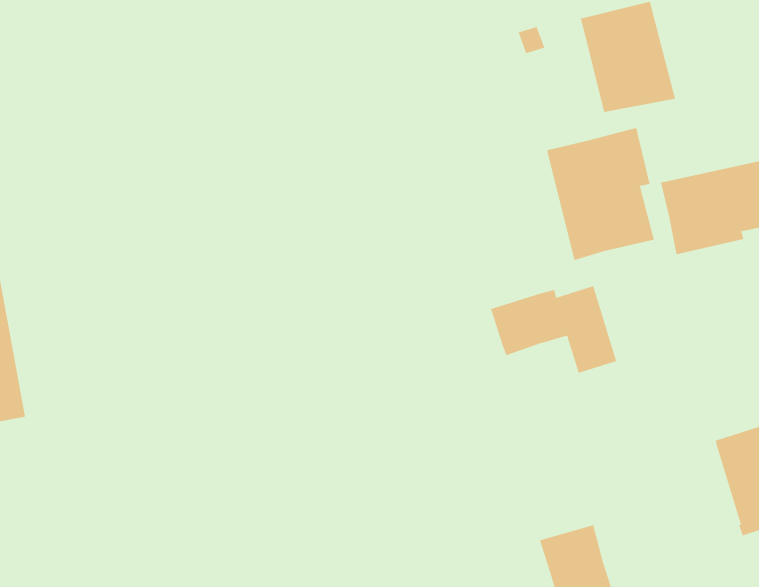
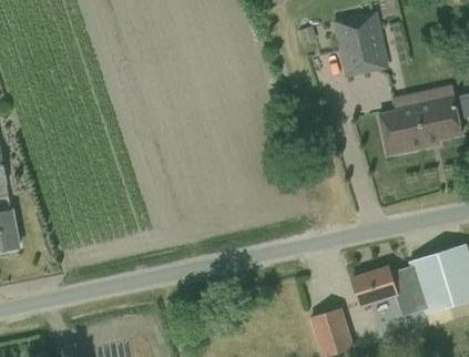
building: [546,127,654,261] -> none
building: [490,286,617,373] -> [351,265,424,315]

